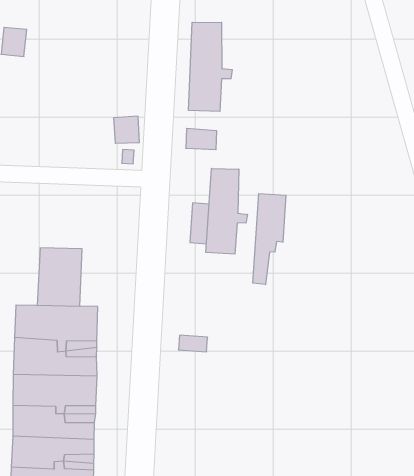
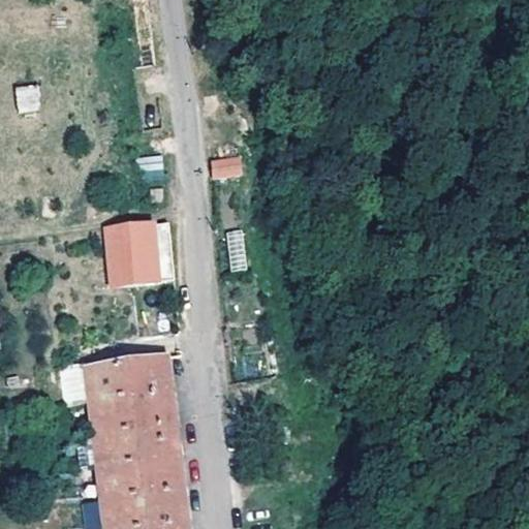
building: [189,22,232,111] -> none
building: [206,168,247,254] -> none
building: [253,194,286,285] -> none
building: [37,248,82,306] -> [120,225,167,287]

